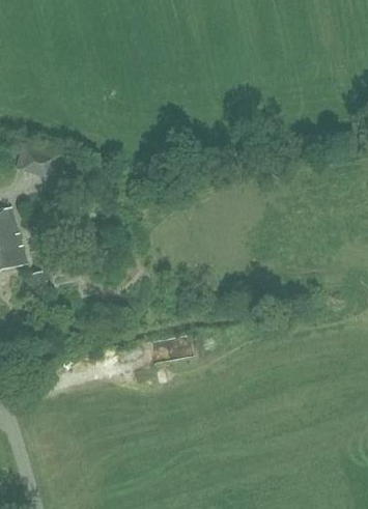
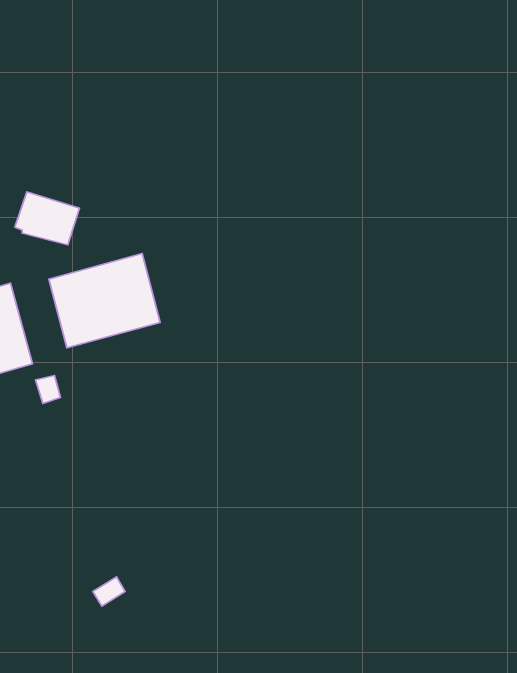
building: none -> [49,254,160,348]

